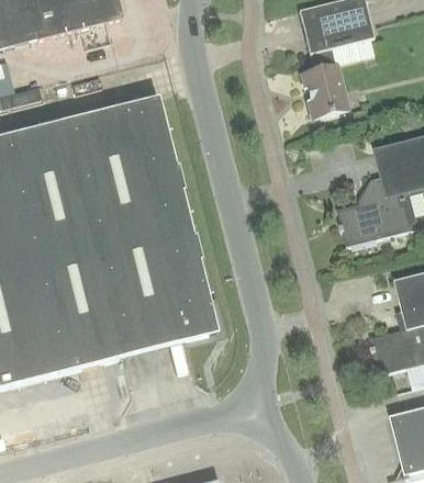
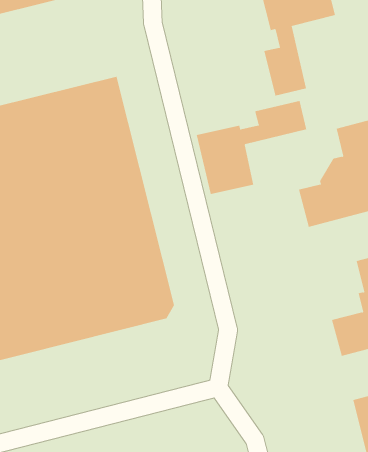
building: none -> [196,100,307,195]

